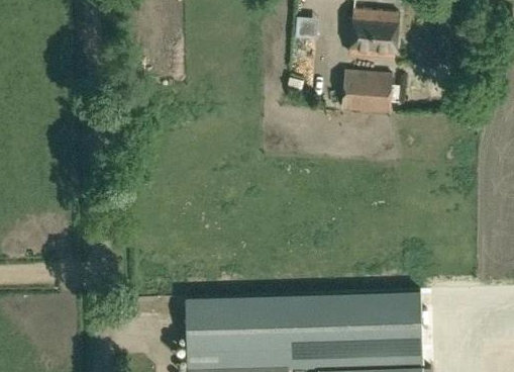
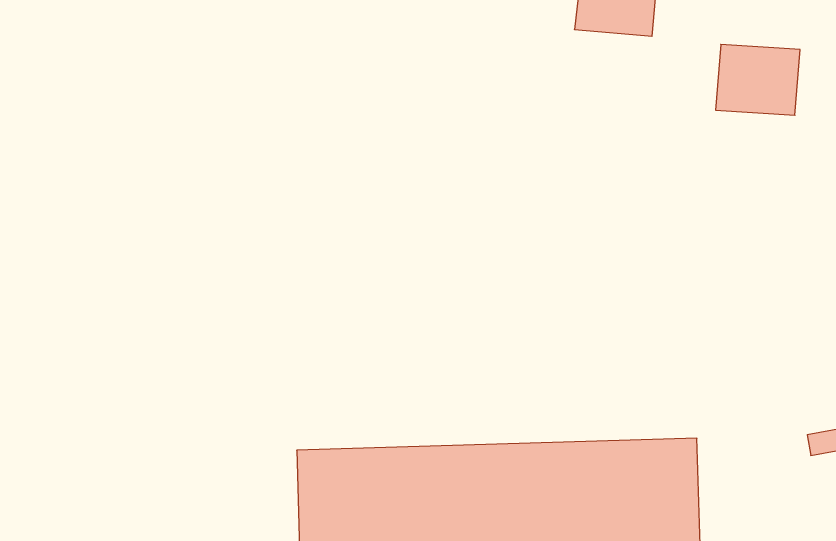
building: [342,70,392,111] -> [716,44,800,115]

